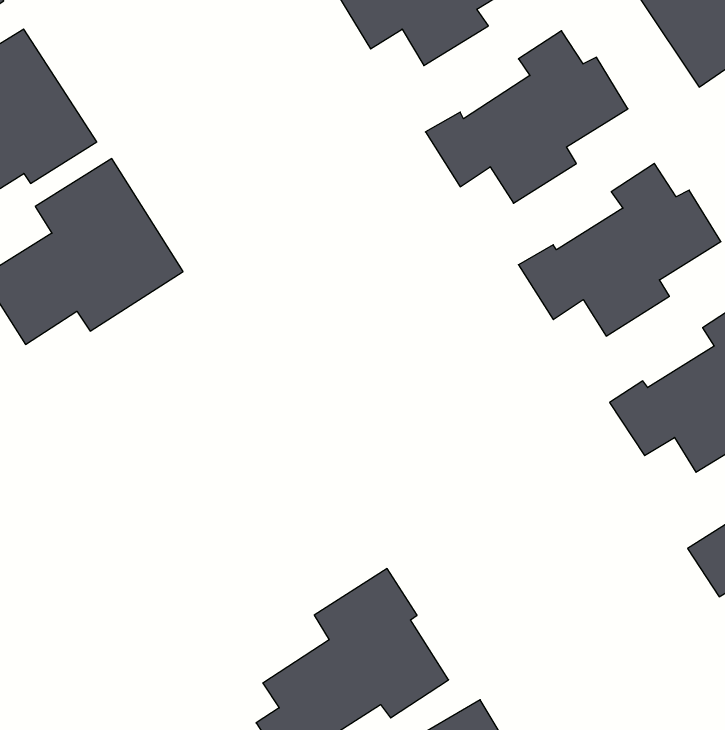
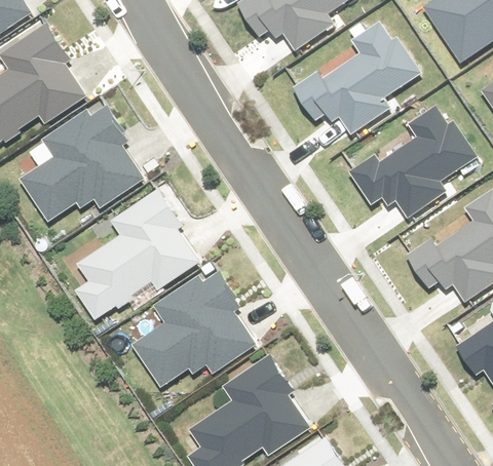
building: none -> [73,191,202,321]
building: none -> [134,273,257,388]

